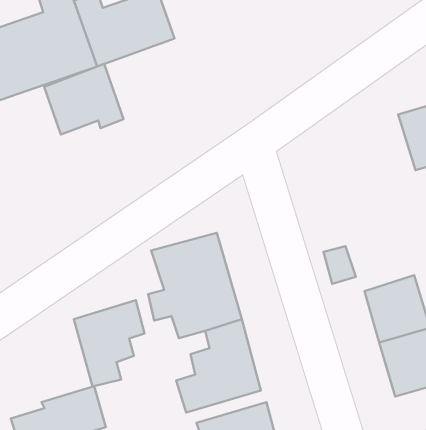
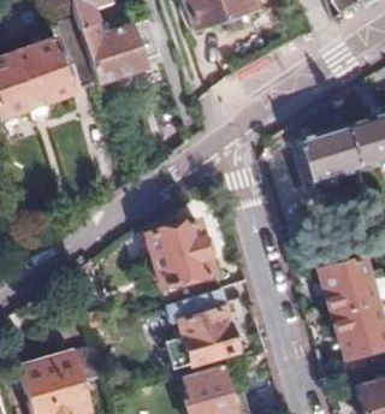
building: [44,64,123,134] -> none
building: none -> [301,124,362,184]
building: [74,300,144,387] -> none

